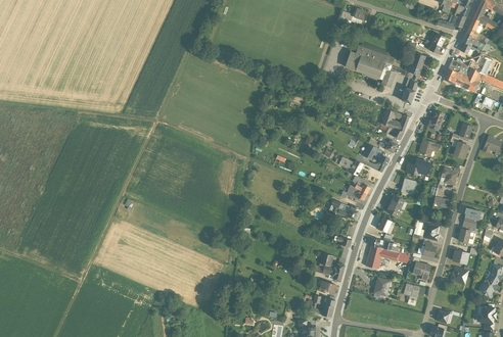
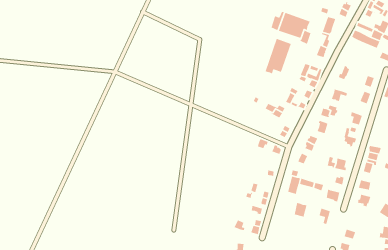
building: none -> [264,38,292,75]

